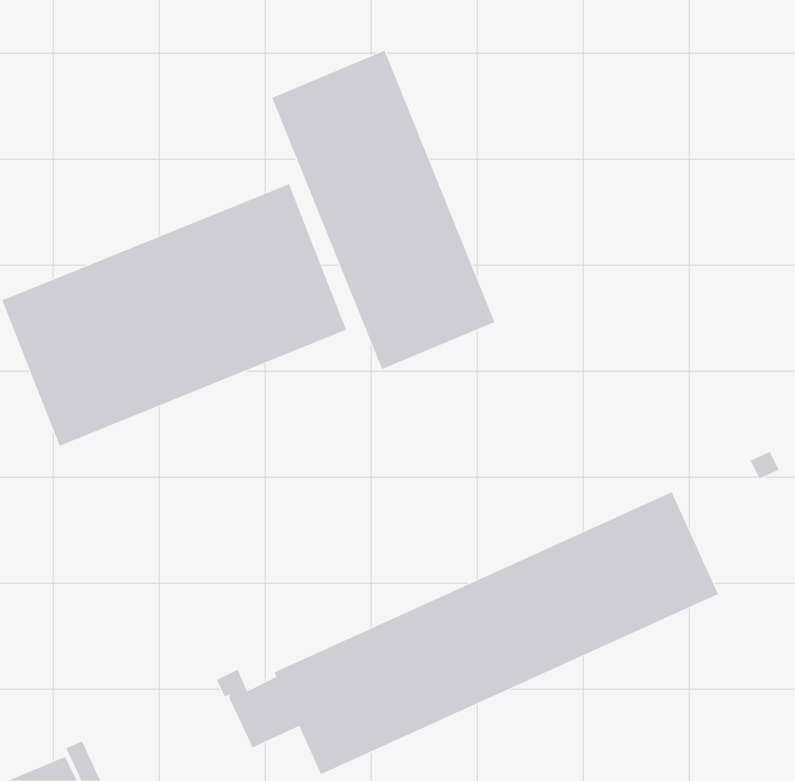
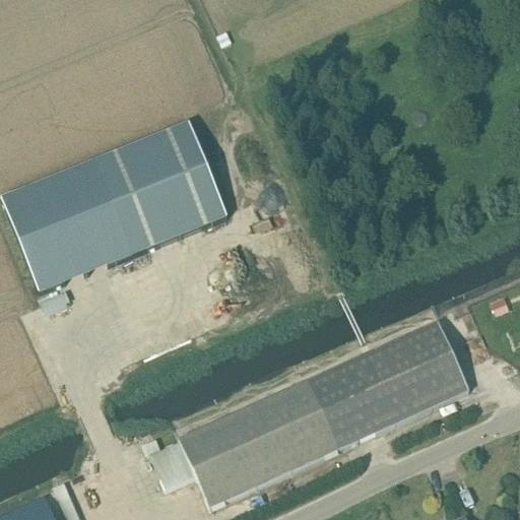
building: [271,50,495,370] -> none

